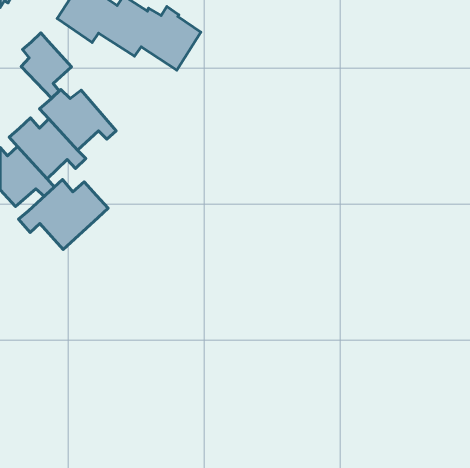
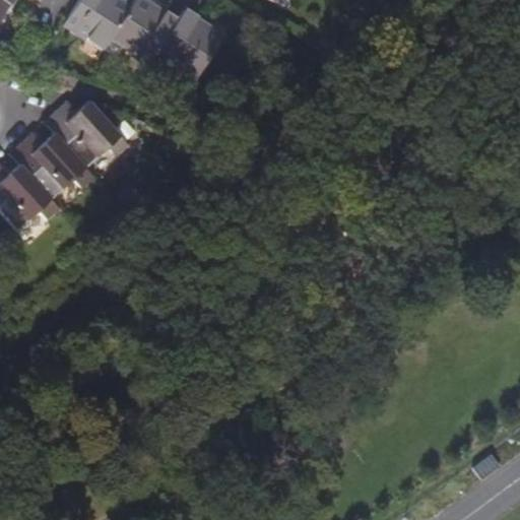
building: [21,33,72,98] -> none
building: [18,180,108,250] -> none

